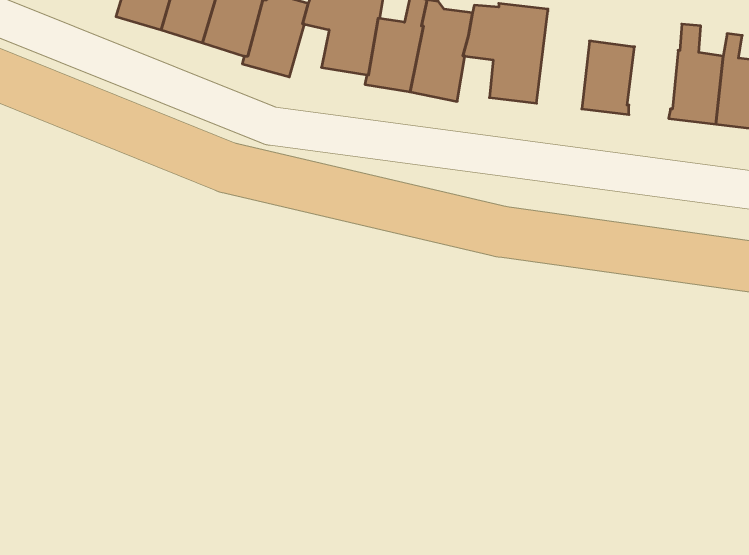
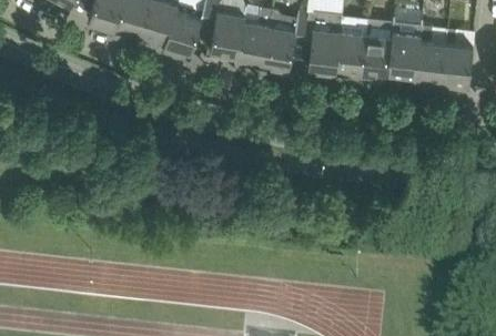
building: none -> [336,14,368,72]
building: none -> [389,17,423,72]

